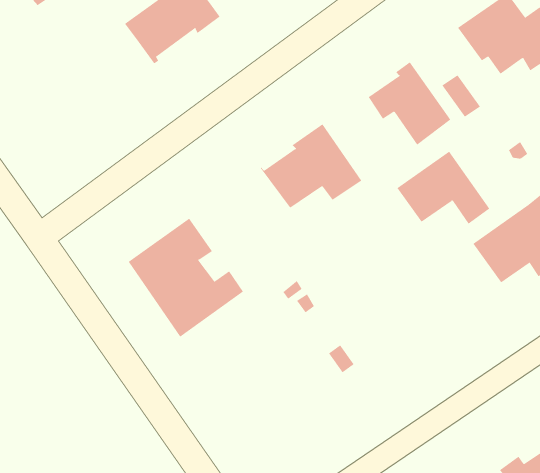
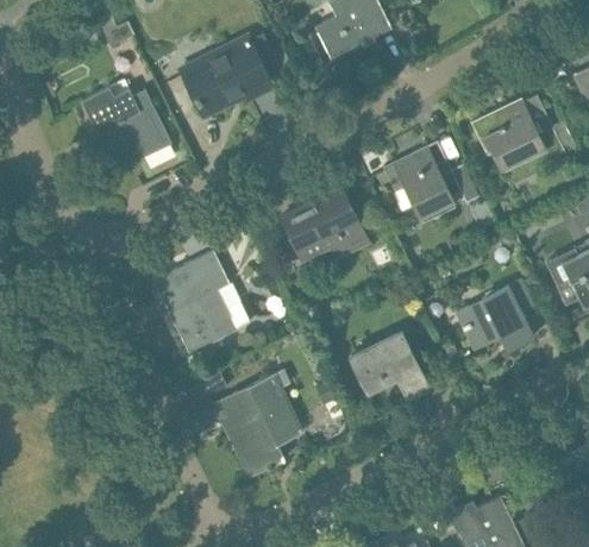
building: none -> [81,78,171,164]
building: [396,151,490,225] -> [350,332,428,398]
building: none -> [214,371,301,476]

